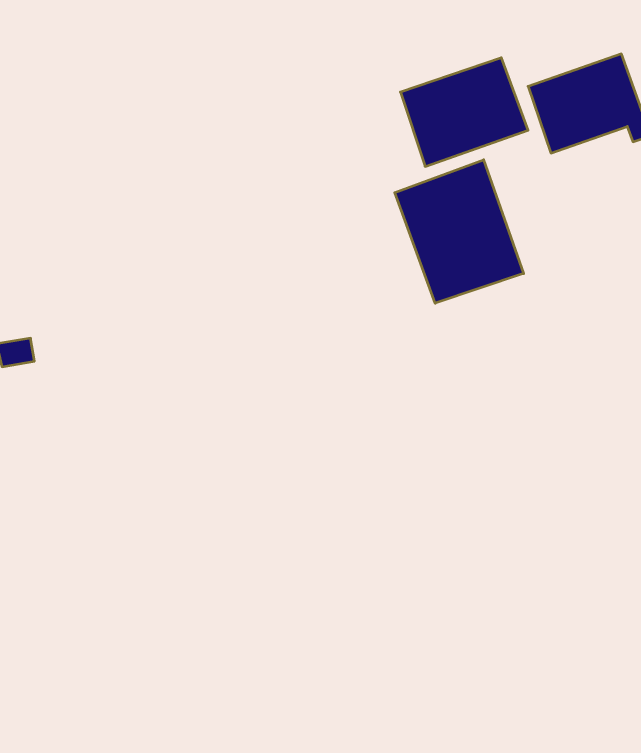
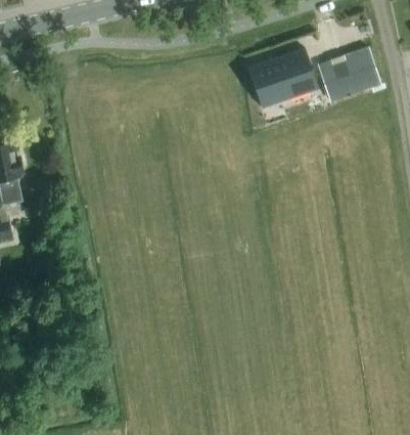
building: [395,160,524,303] -> none

